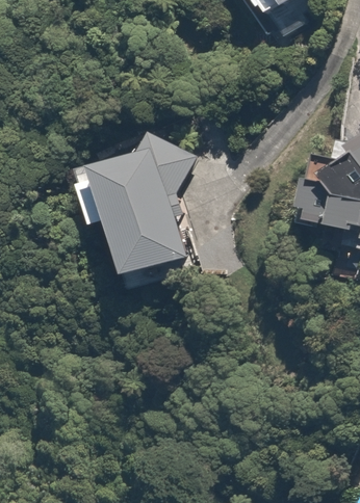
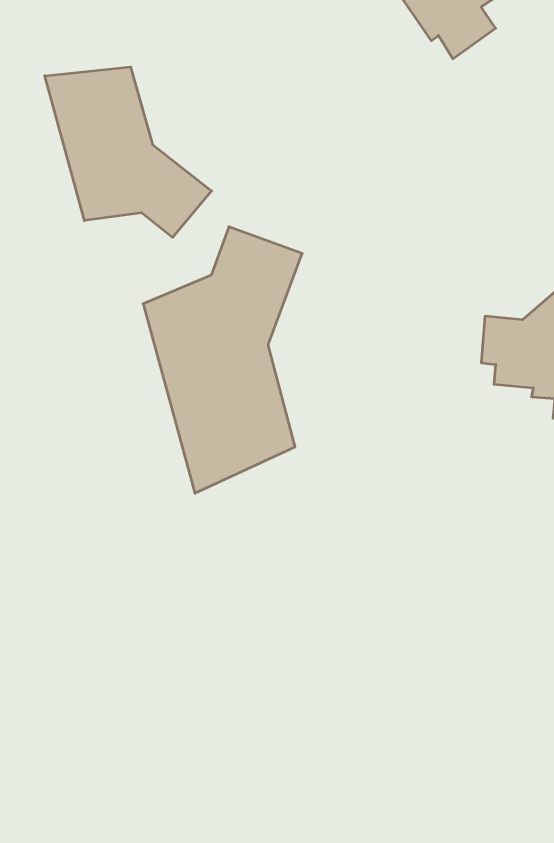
building: none -> [45,67,212,237]

